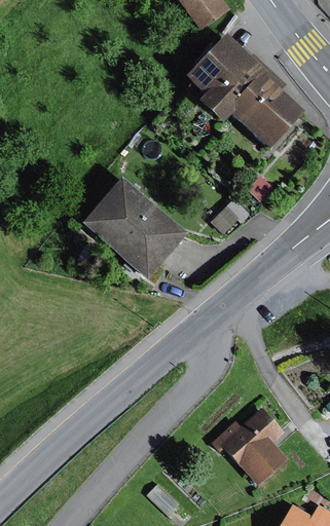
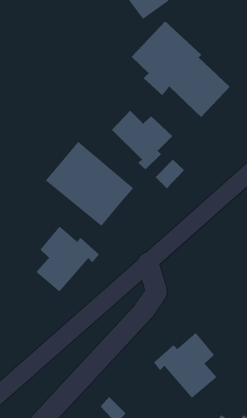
building: none -> [111,110,173,170]
building: none -> [35,225,100,292]

